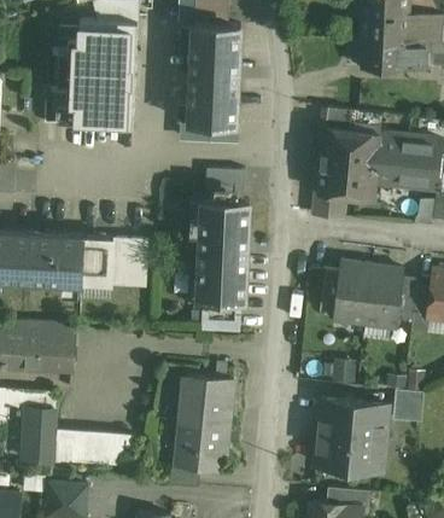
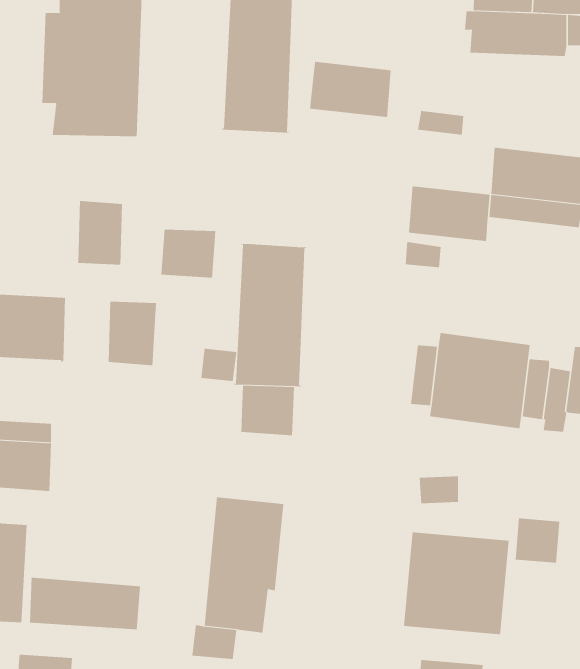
building: [320,127,376,167] -> [309,60,391,117]
building: [205,169,244,203] -> [160,229,216,278]
building: [80,238,111,283] -> [78,200,123,265]

